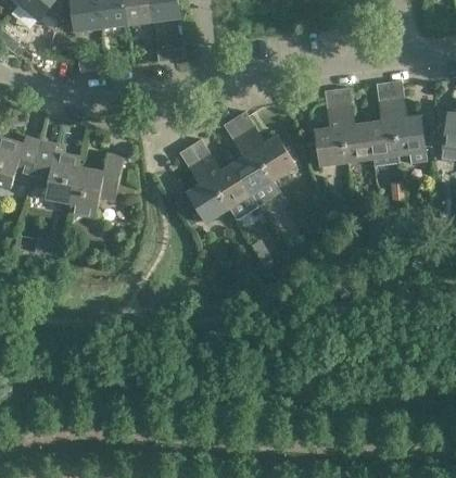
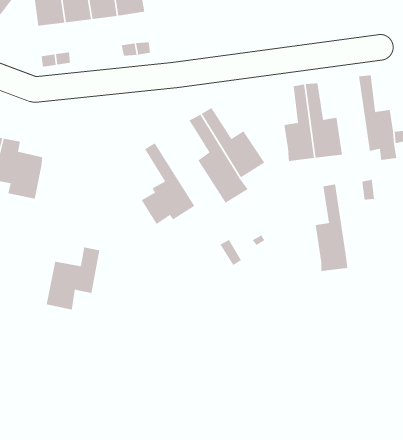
building: [368,80,401,166] -> [315,184,348,272]
building: [190,139,258,219] -> none
building: [71,154,124,216] -> [46,247,100,310]

